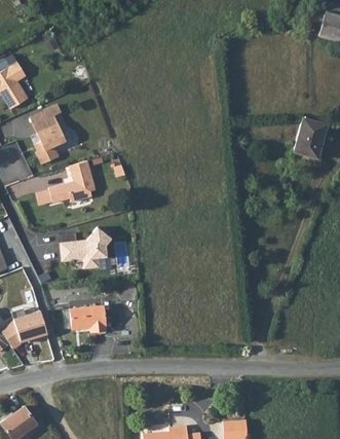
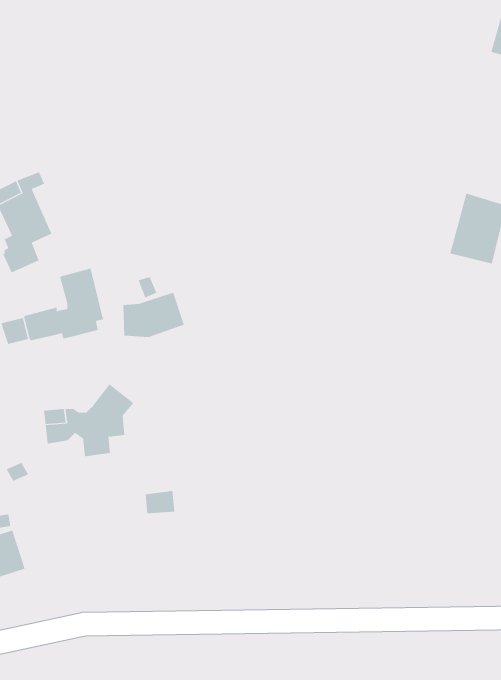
building: none -> [123,292,184,338]
building: [69,306,104,332] -> none

